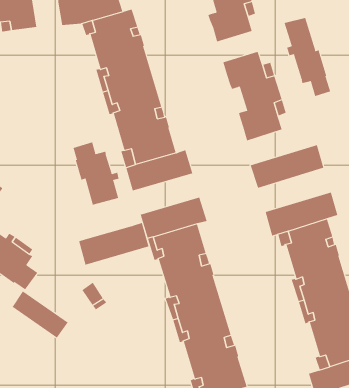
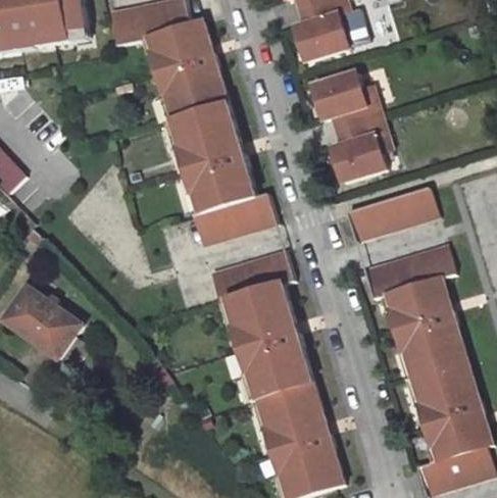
building: [284,17,331,97] -> none
building: [73,142,119,205] -> none
building: [79,222,149,266] -> none
building: [12,291,69,339] -> none

